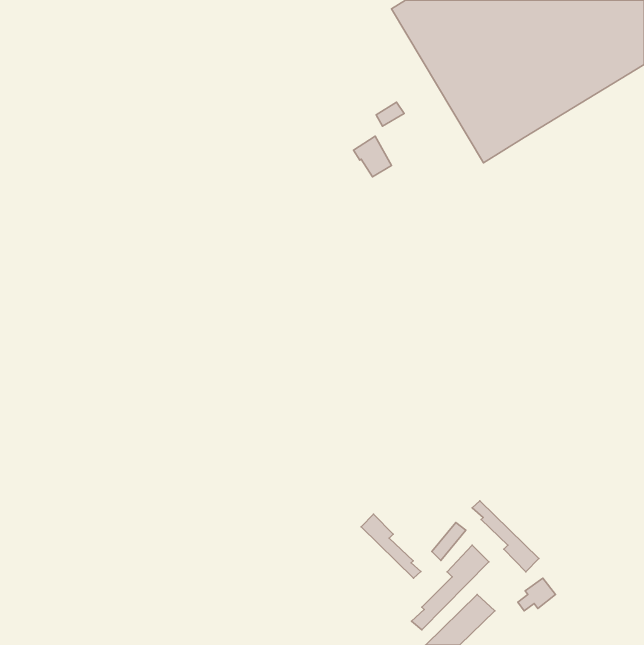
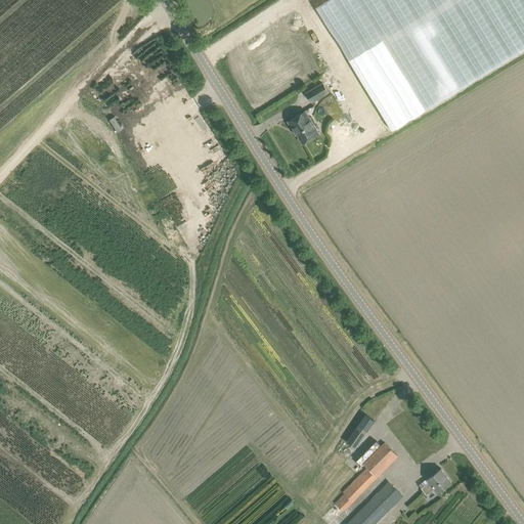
building: [472,501,539,572] -> none
building: [361,514,421,578] -> none

